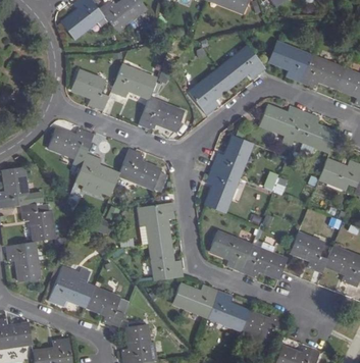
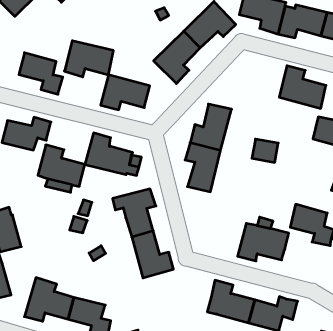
building: [259,105,304,146] -> none
building: [208,229,251,271] -> none
building: [172,283,217,316] -> none

